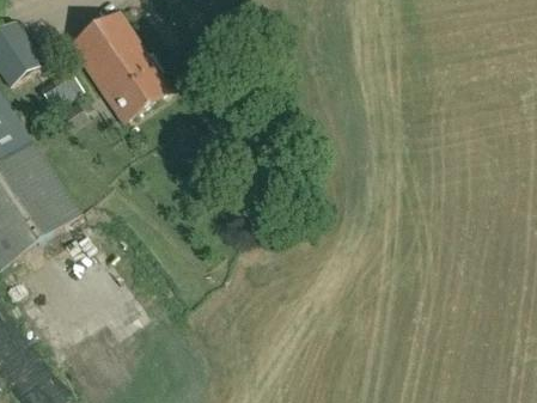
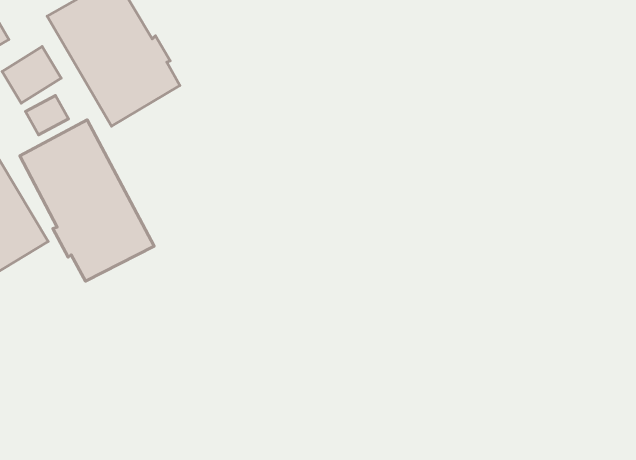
building: none -> [20,120,154,281]

